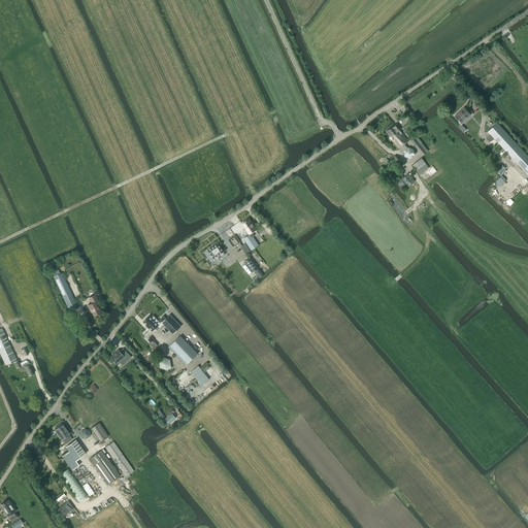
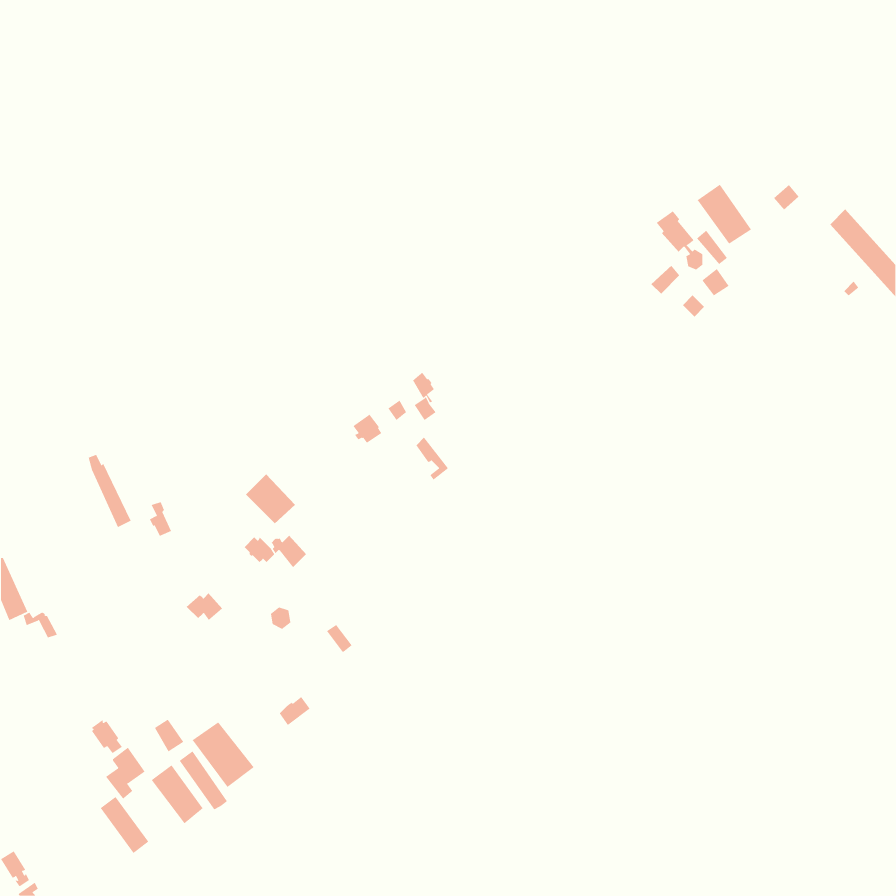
building: none -> [697,184,752,244]
building: [168,335,198,365] -> [245,473,296,524]
building: none -> [192,721,255,788]

